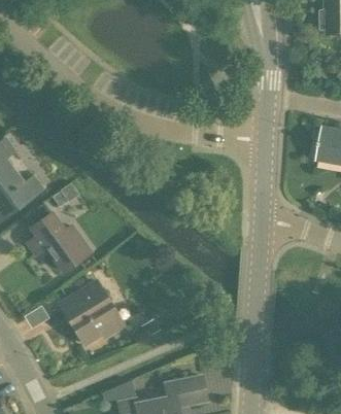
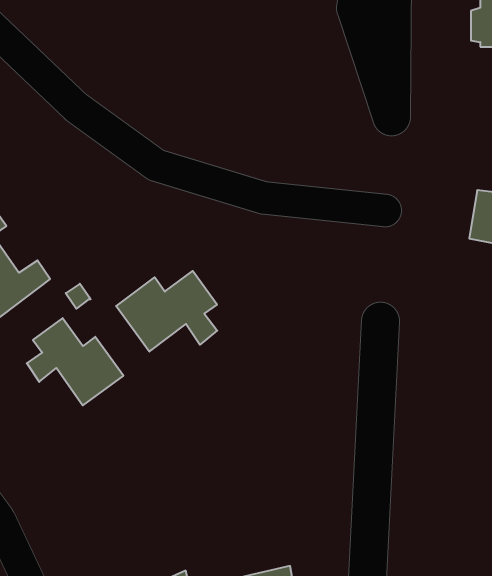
building: none -> [116,271,217,352]
building: [60,282,124,345] -> none

